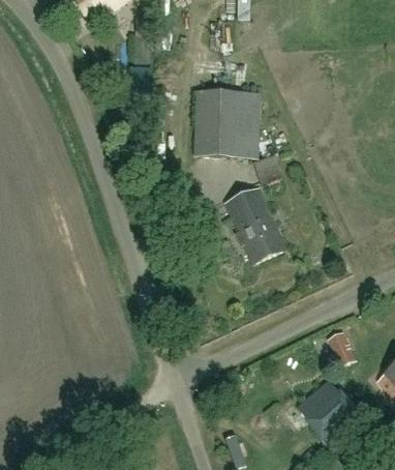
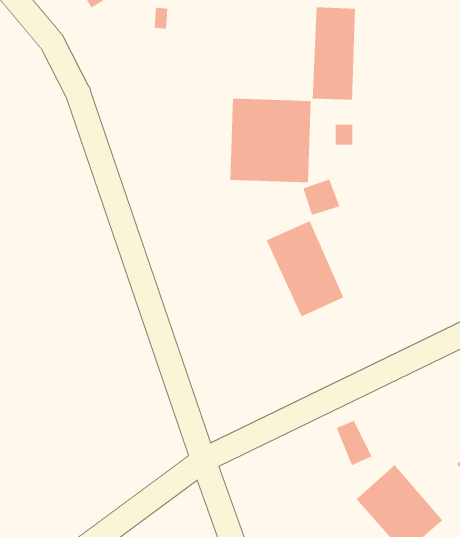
building: none -> [312,6,355,101]
building: [327,329,356,365] -> [336,420,372,466]

